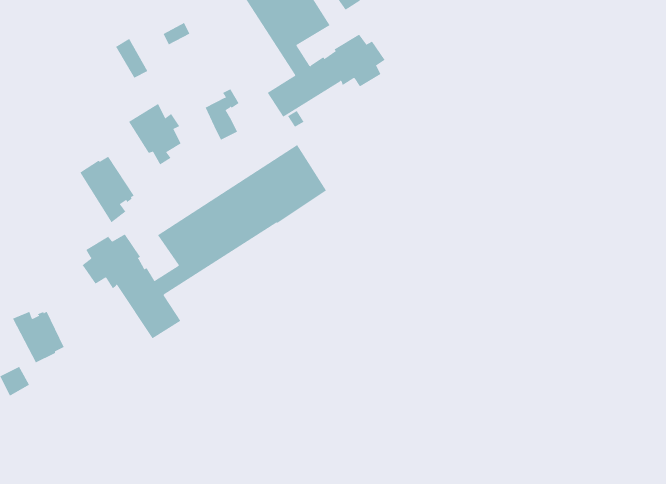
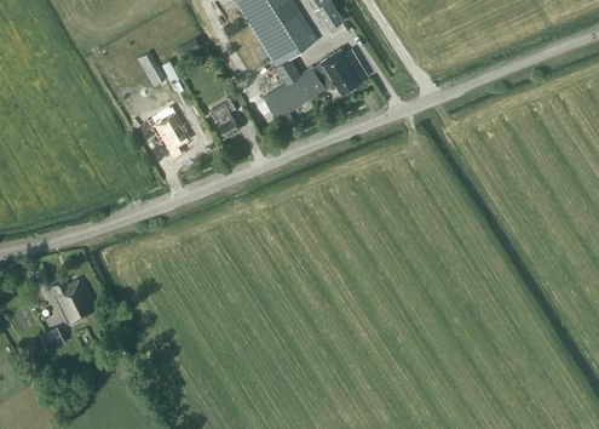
building: [82,144,327,339] -> none
building: [80,156,134,223] -> none

